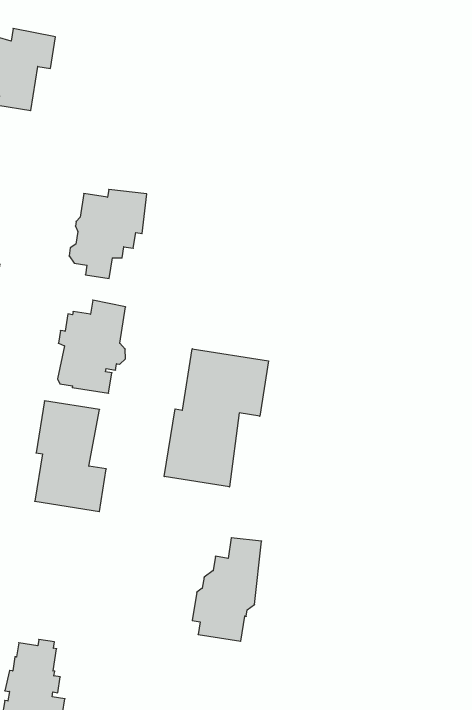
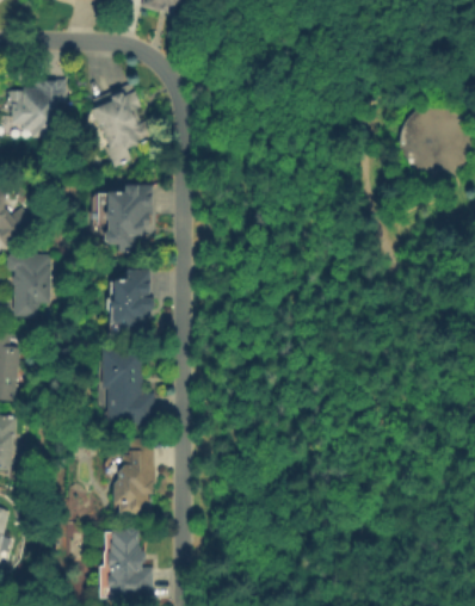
building: none -> [92,89,154,166]
building: [164,349,268,487] -> none
building: [192,538,262,641] -> [111,437,155,513]

